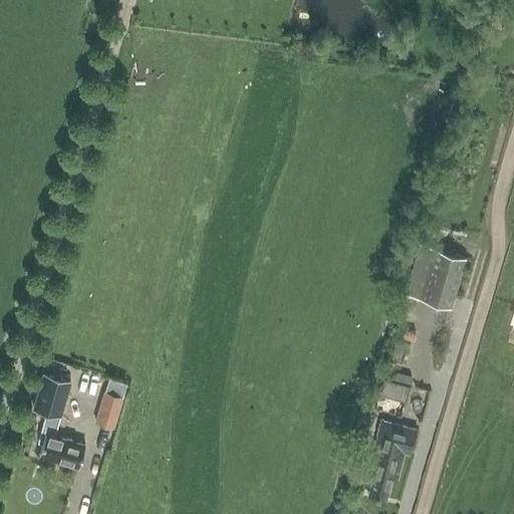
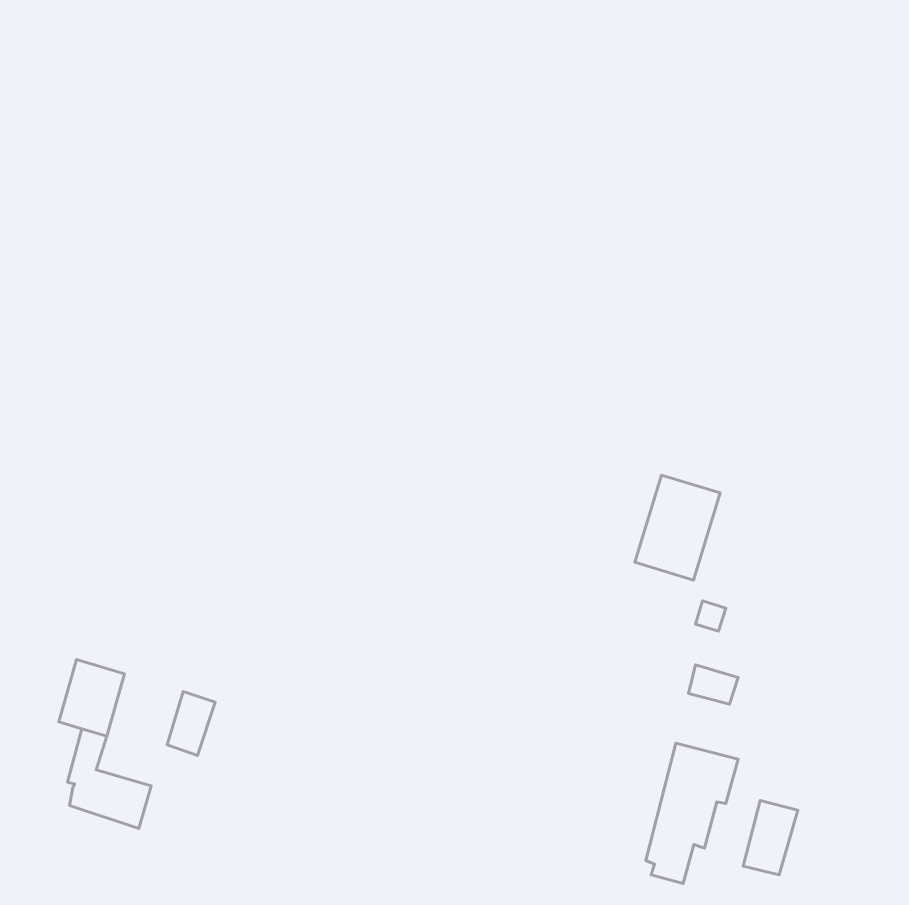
building: [419,250,467,309] -> [635,475,720,580]
building: none -> [743,800,798,875]

